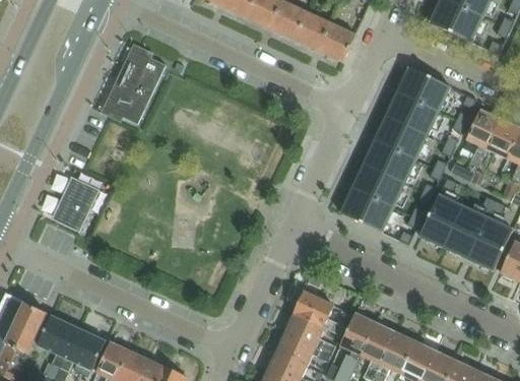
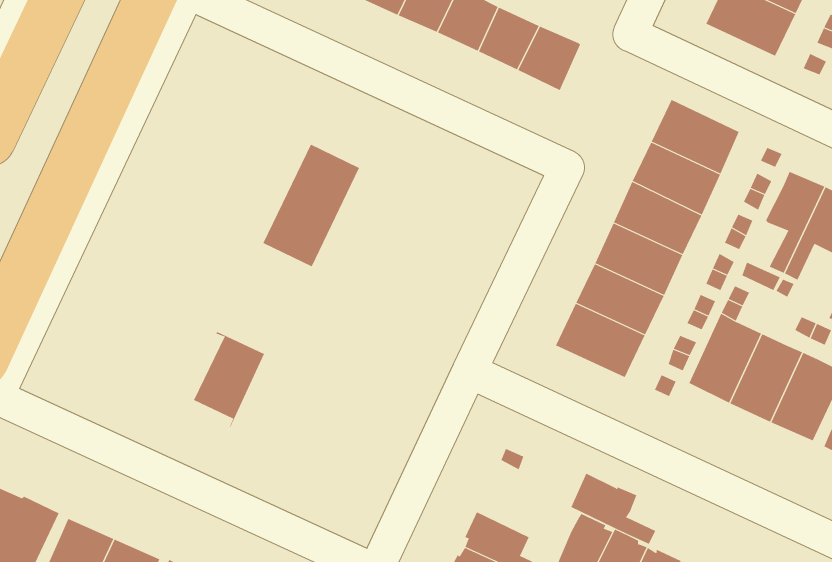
building: [108,50,166,123] -> [263,144,360,267]
building: [57,175,100,232] -> [193,332,265,427]
building: [294,291,344,333] -> [571,473,656,545]

